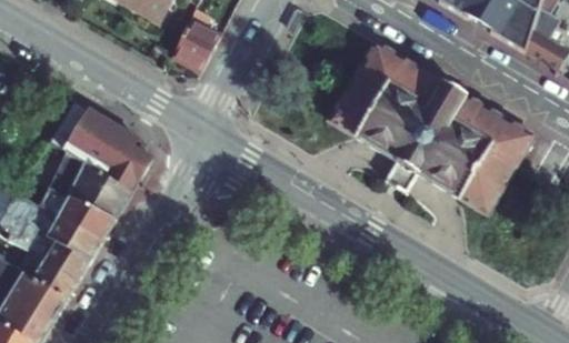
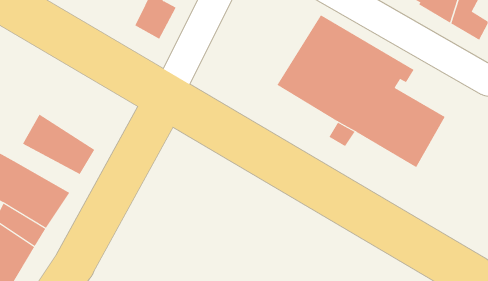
building: [49,98,152,191] -> none
building: [463,102,533,154] -> none
building: [40,184,113,239] -> none

